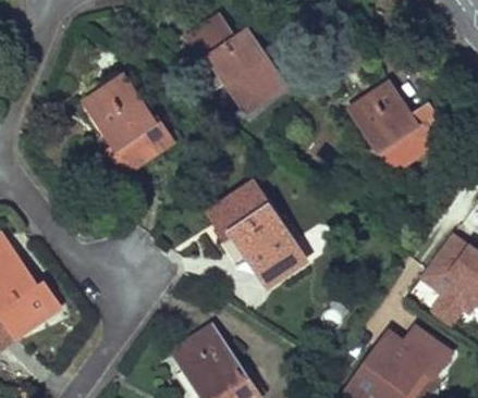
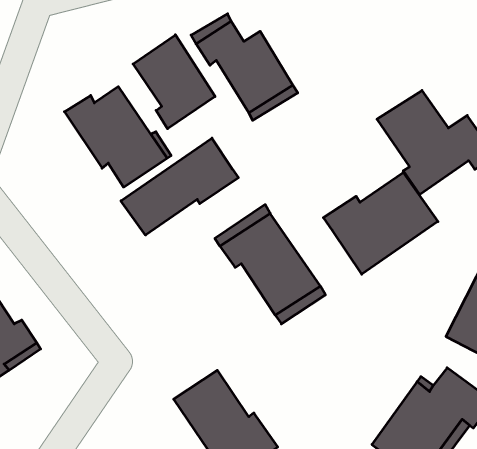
building: none -> [133,35,215,129]
building: none -> [121,138,238,235]
building: none -> [323,172,438,274]

